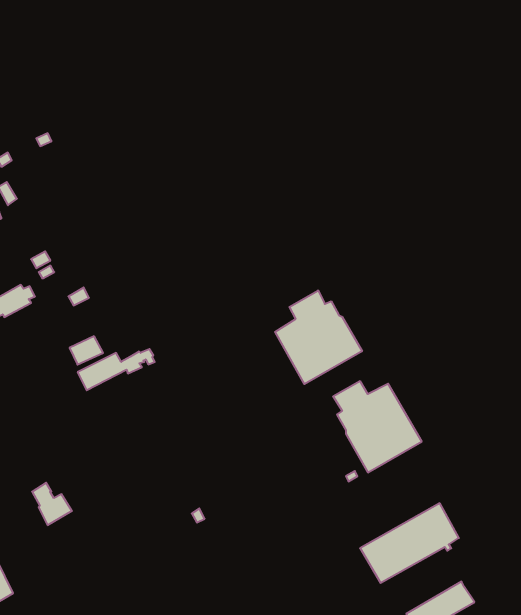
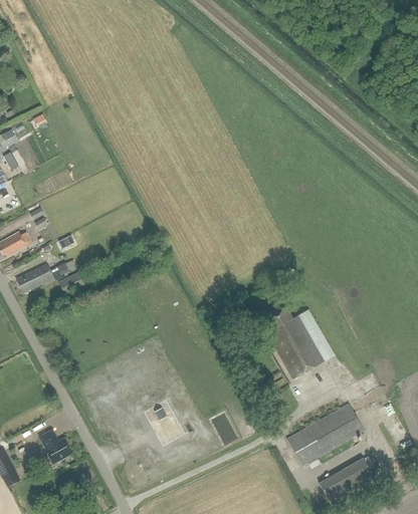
building: [275,290,362,384] -> none
building: [78,349,155,390] -> [15,260,75,292]
building: [32,483,72,525] -> [39,430,70,463]

